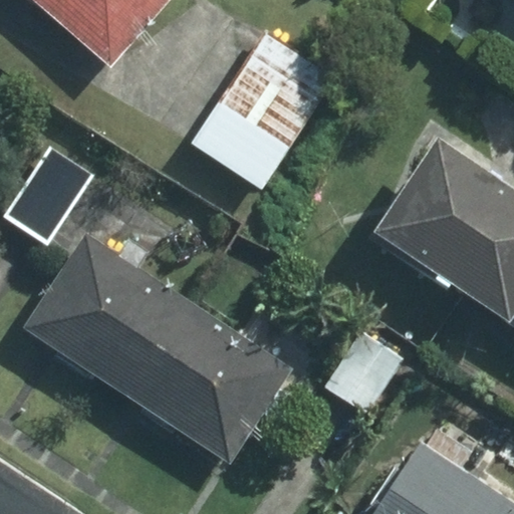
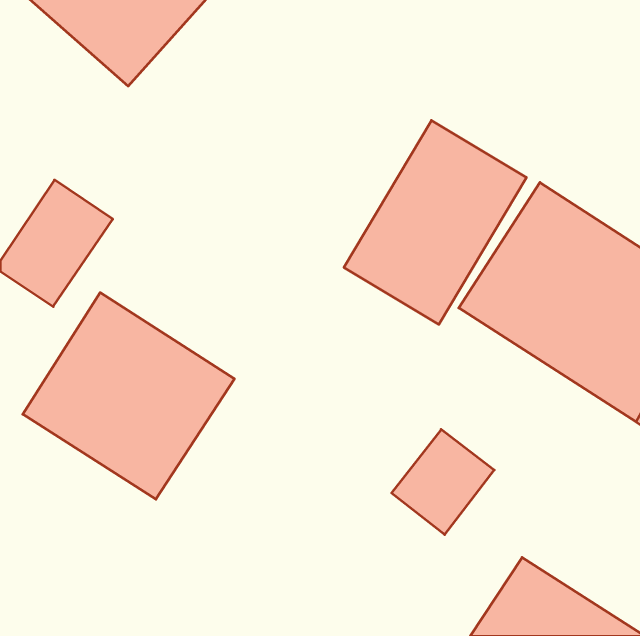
building: [191,28,335,190] -> [344,120,526,324]
building: [130,300,297,464] -> none

